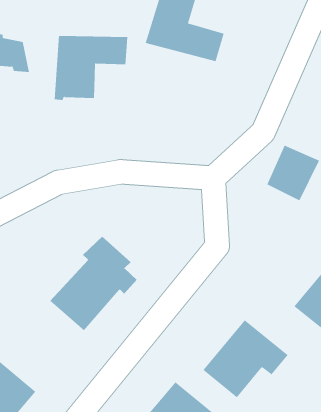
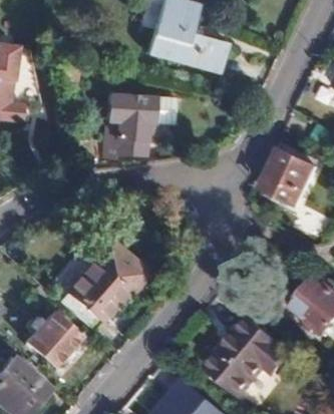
building: [54,36,128,101] -> [104,95,176,157]
building: none -> [25,312,77,366]

